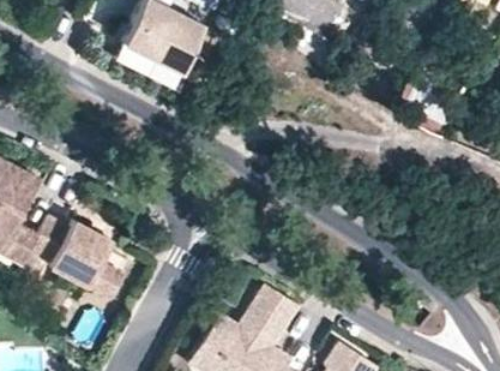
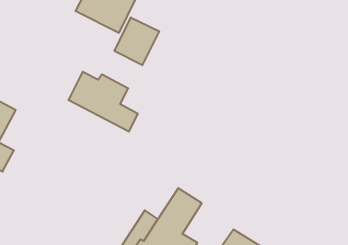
building: none -> [115,17,159,65]
building: [31,216,126,298] -> [68,72,138,132]

